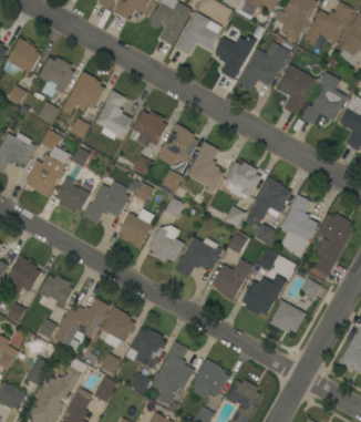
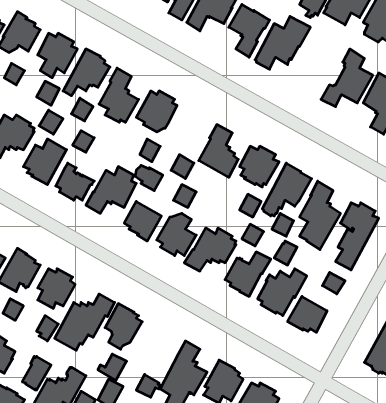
building: [276,64,316,115] -> none
building: [161,123,198,163] -> none
building: [130,329,167,369] -> none

